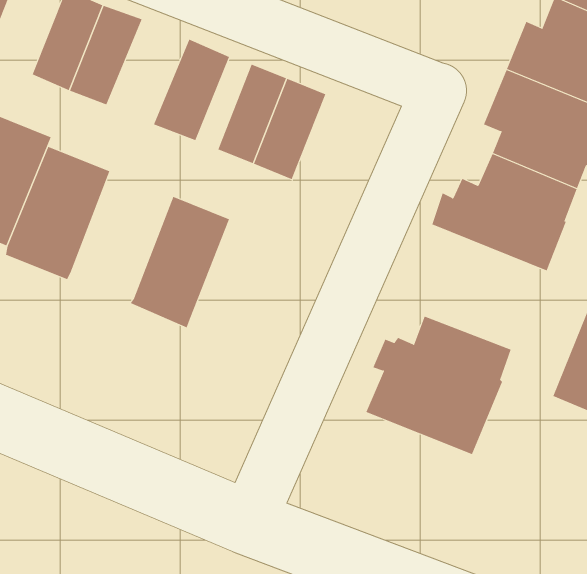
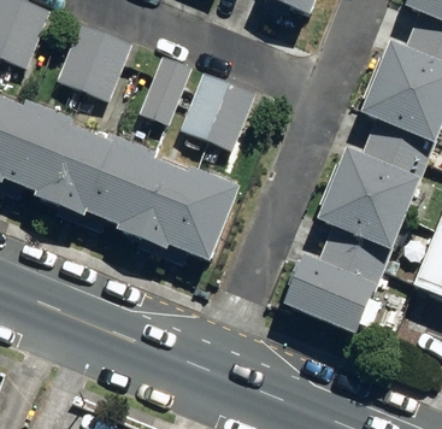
building: none -> [86,135,157,225]
building: none -> [166,168,240,259]
building: none -> [320,176,407,260]

